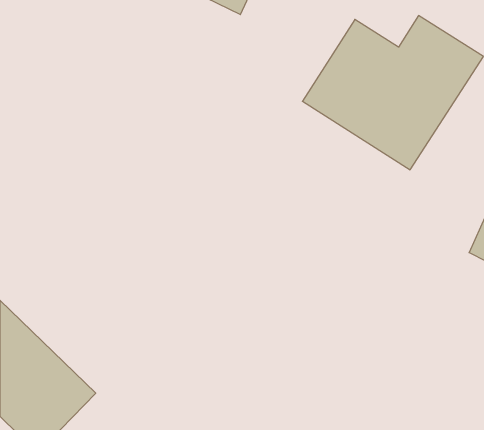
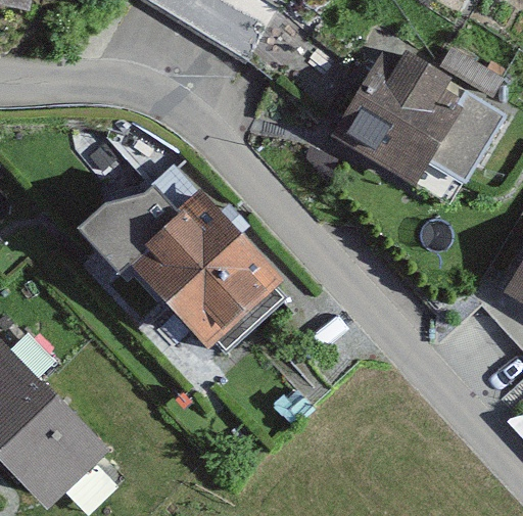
building: none -> [104,183,284,344]

